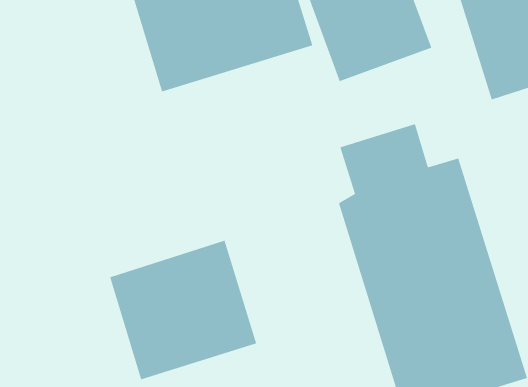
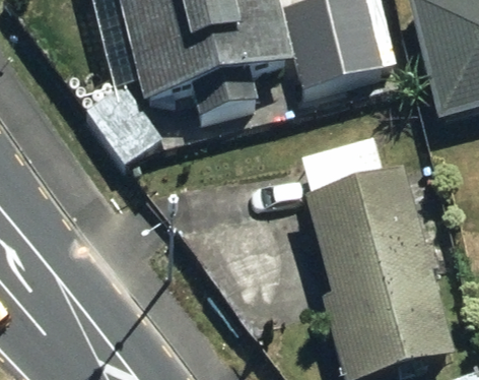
building: [109,240,257,380] -> none

